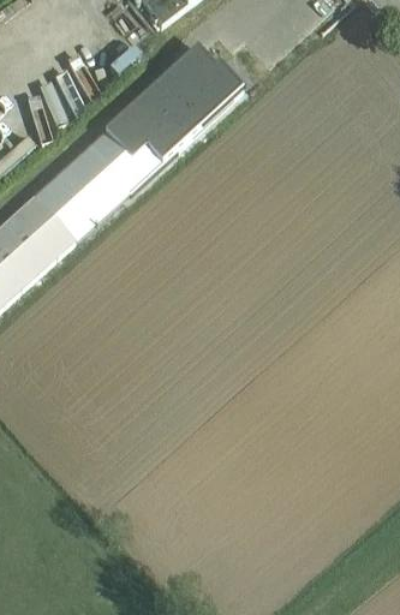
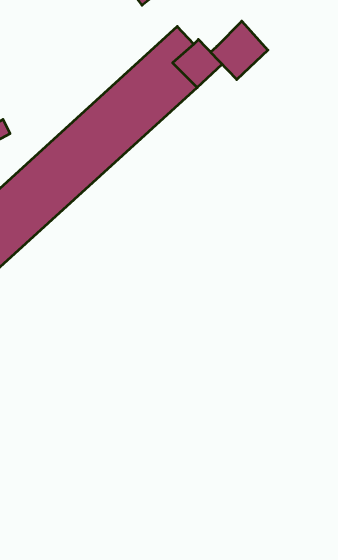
building: none -> [211,21,268,80]

